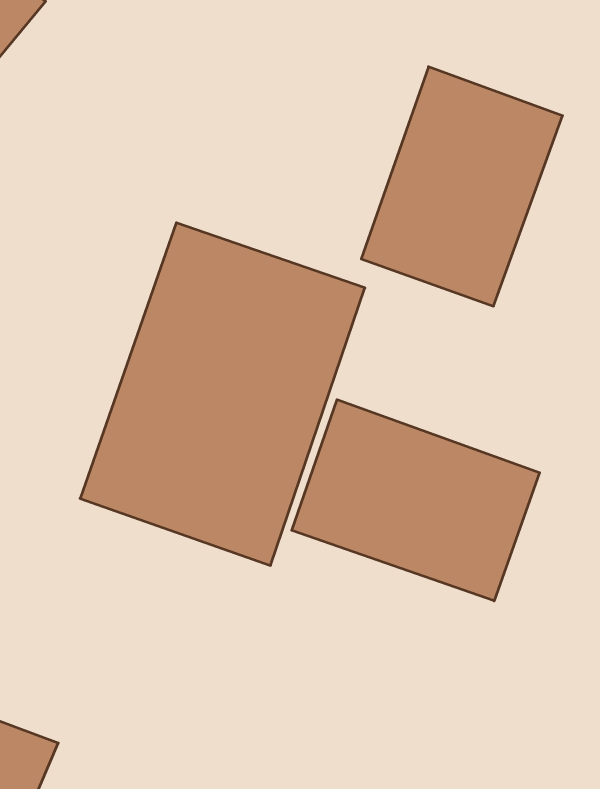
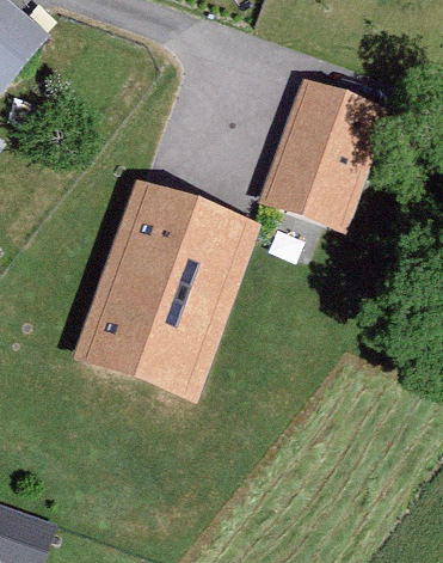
building: [292,400,540,601] -> none

